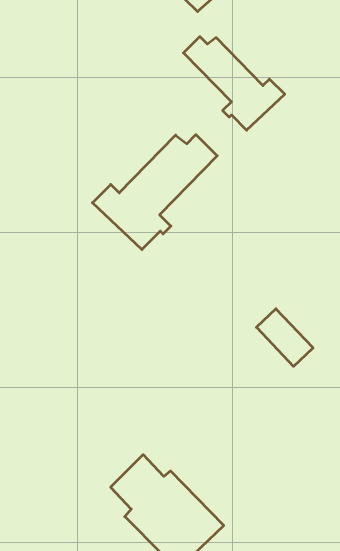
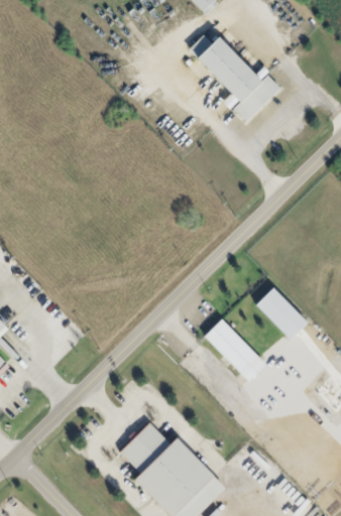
building: [92,135,217,250] -> none
building: none -> [204,318,266,382]

